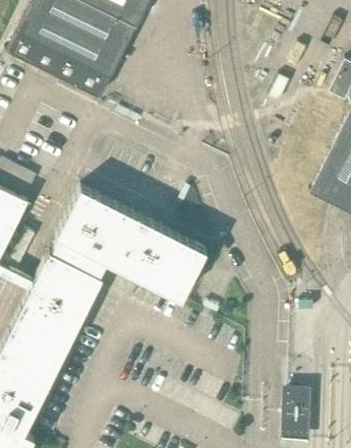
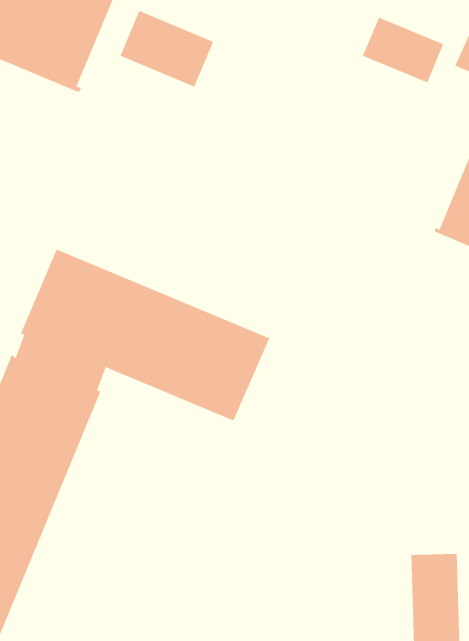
building: none -> [120,10,214,87]
building: none -> [362,17,444,83]

